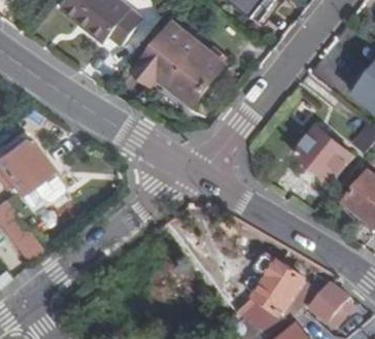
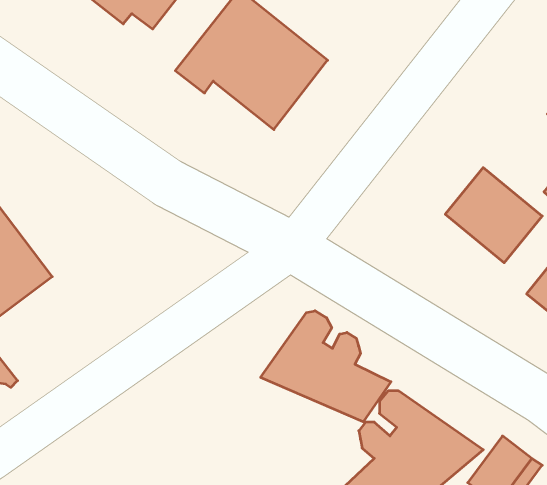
building: none -> [261,311,391,422]

